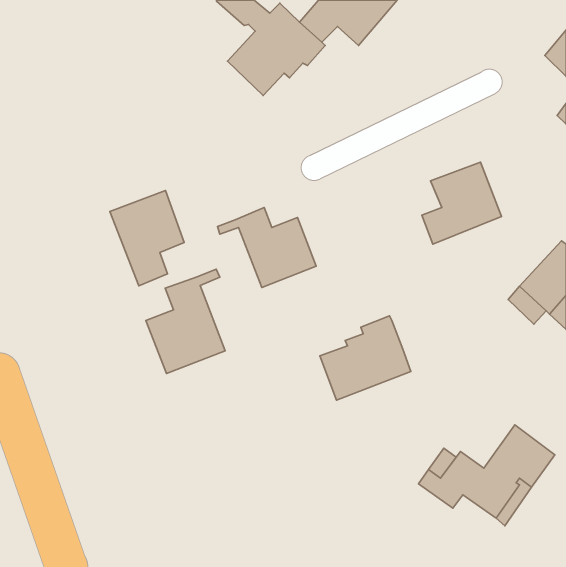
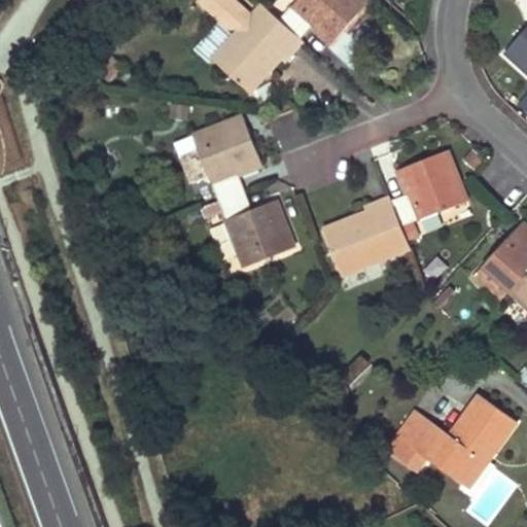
building: [110,190,184,286] -> [191,115,260,204]
building: [146,269,225,374] -> none
building: [320,316,411,400] -> [324,196,409,274]

